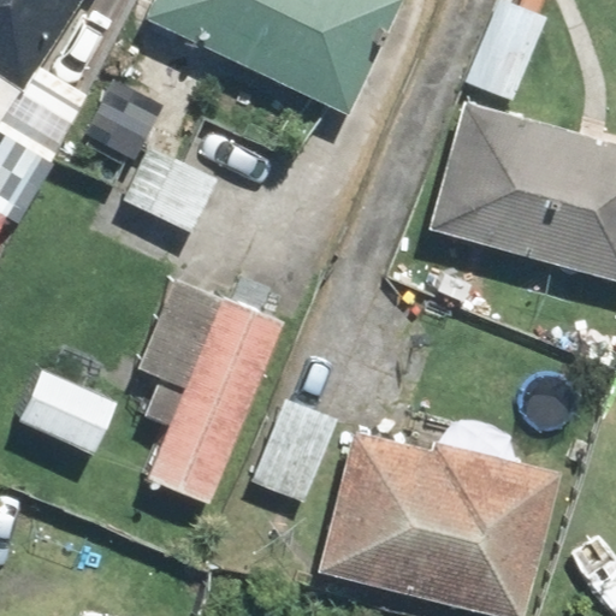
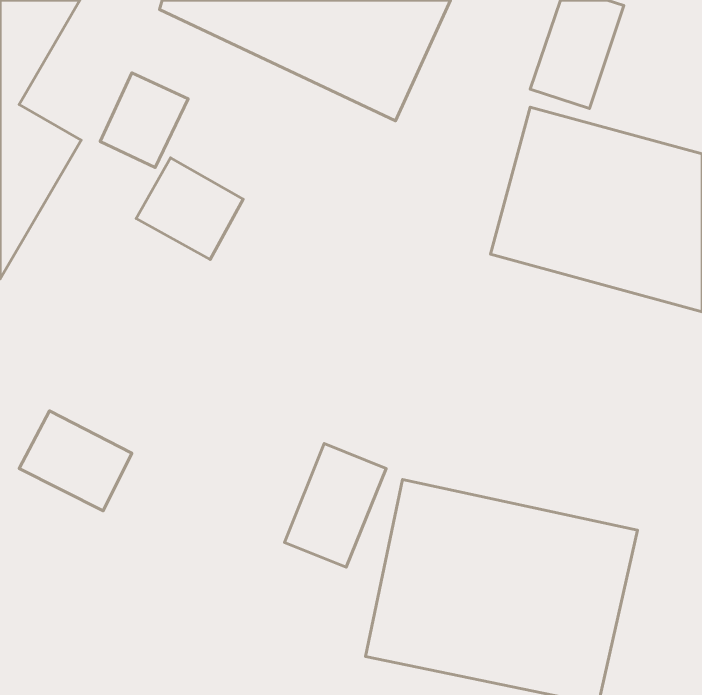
building: [140,297,285,504] -> none

